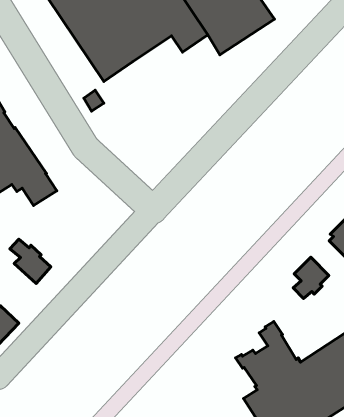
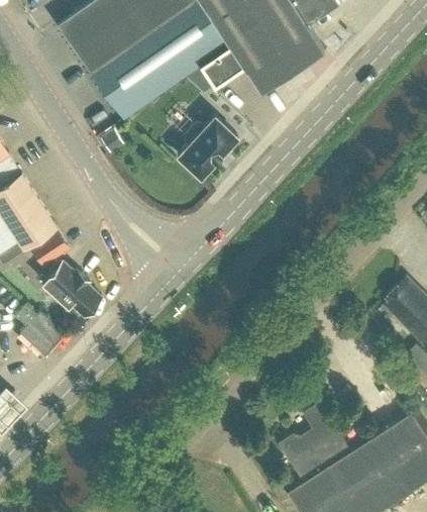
building: none -> [176,116,237,178]
building: none -> [35,261,100,316]
building: [293,257,329,299] -> none

